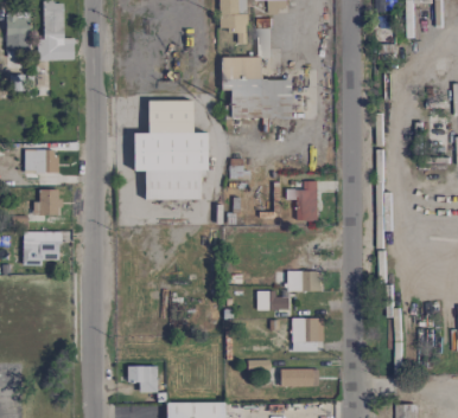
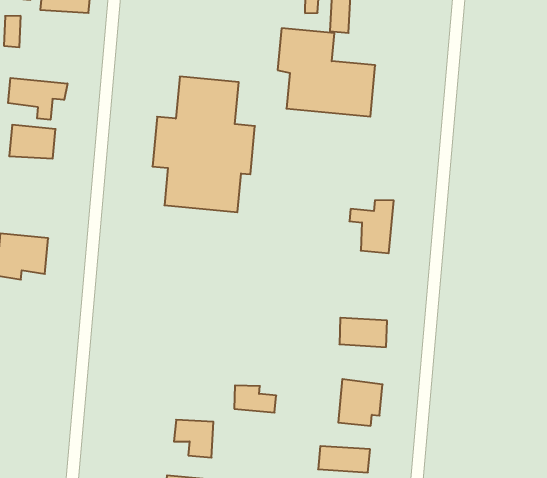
building: none -> [8,78,67,120]
building: [33,189,59,214] -> none
building: [256,290,288,309] -> [234,385,276,413]
building: [127,365,157,392] -> [174,420,213,458]

